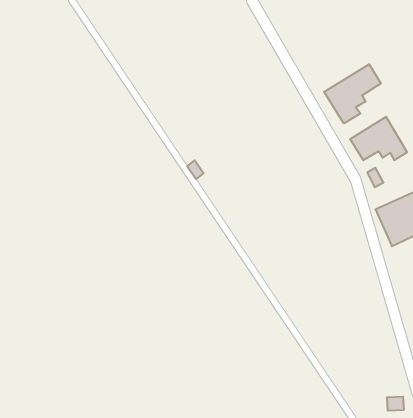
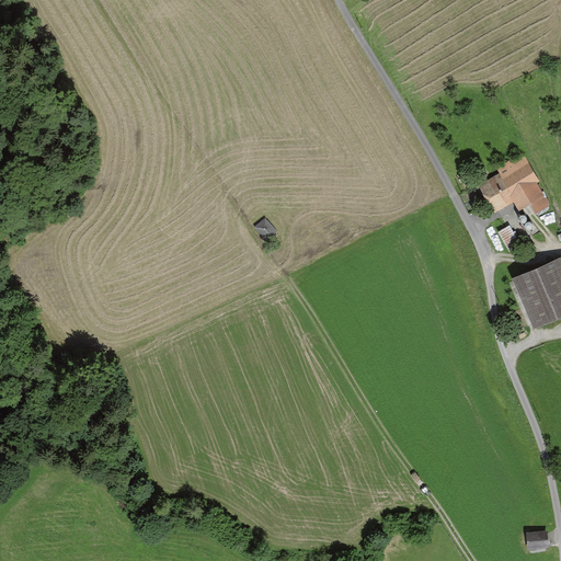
building: [324,64,381,123] -> none

